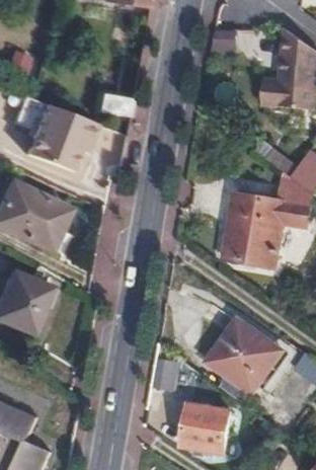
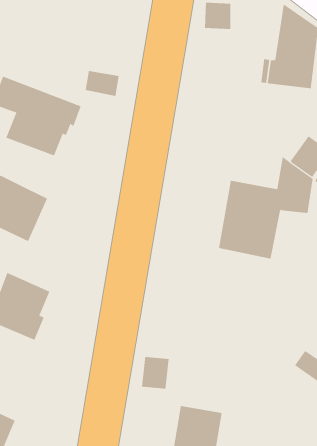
building: [209,317,282,390] -> none

